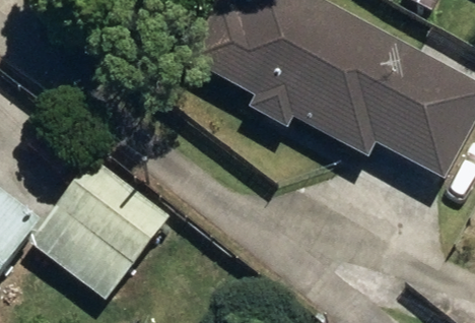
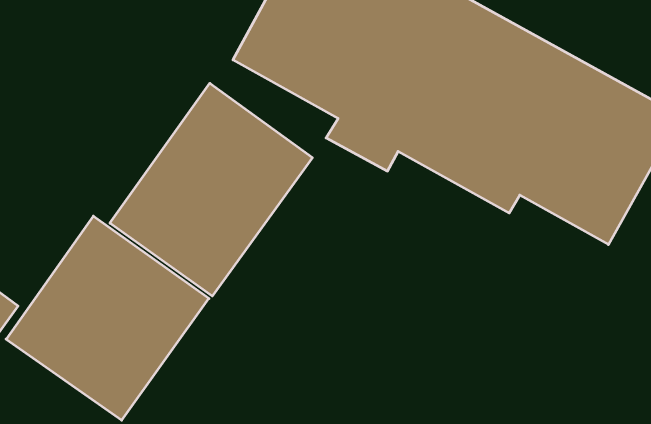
building: none -> [110,83,312,296]

